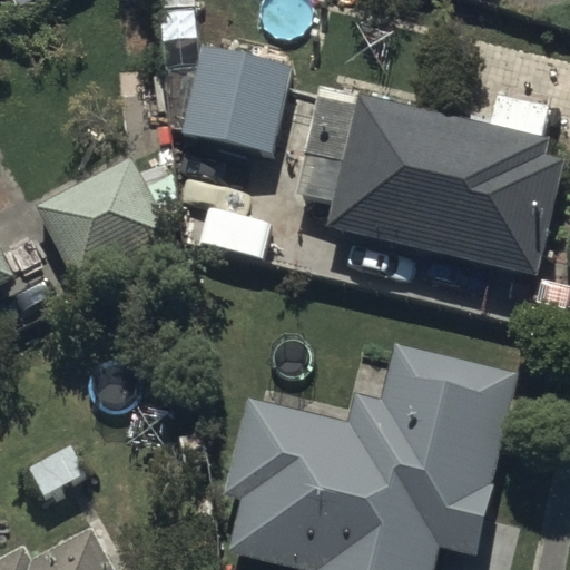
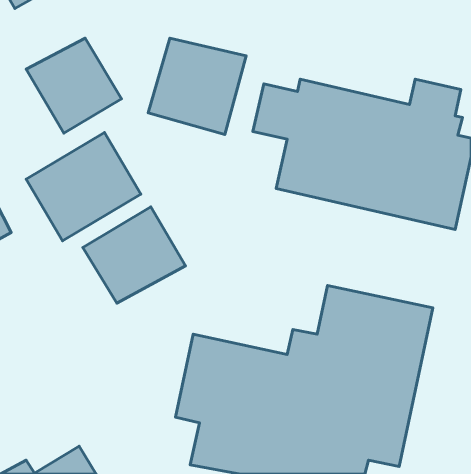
building: none -> [26,38,122,133]
building: none -> [83,207,185,303]

